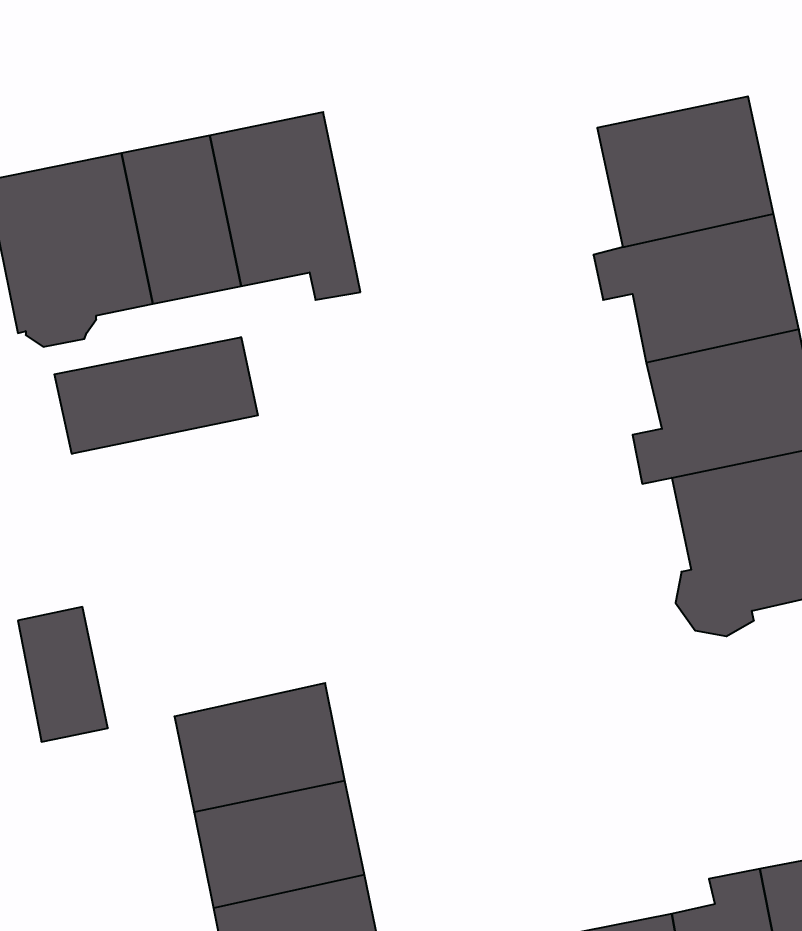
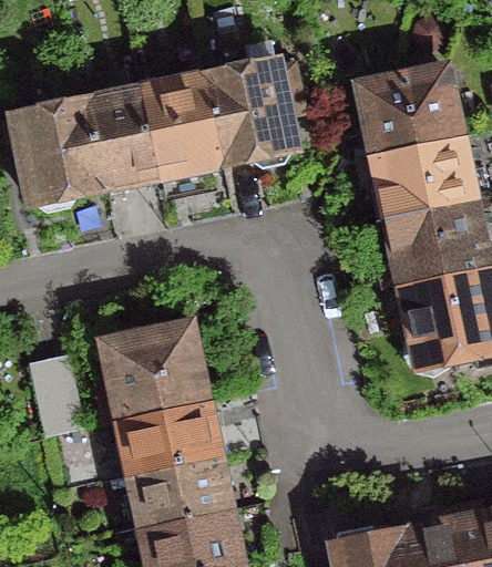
building: none -> [204,59,294,163]
building: [54,337,258,454] -> none
building: none -> [99,322,205,419]

